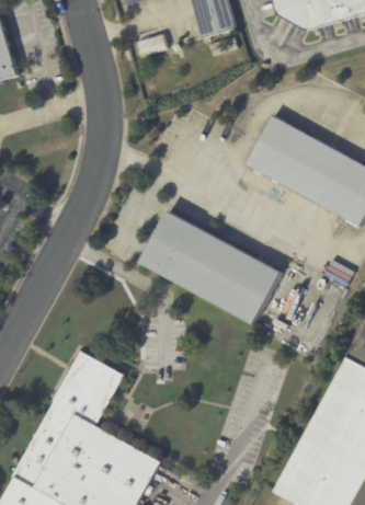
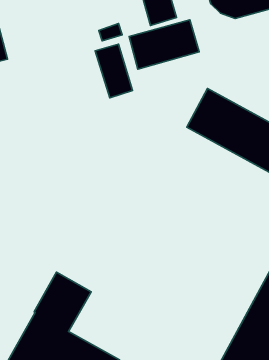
building: none -> [129,20,199,69]
building: none -> [95,44,133,98]
building: [138,211,280,325] -> none

